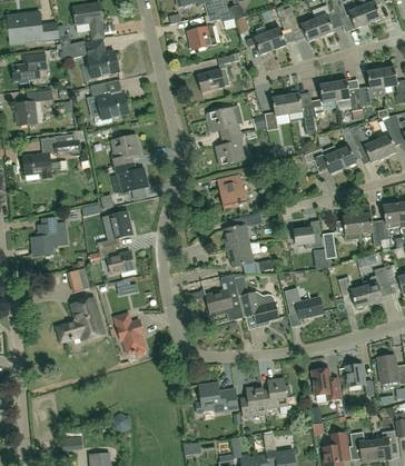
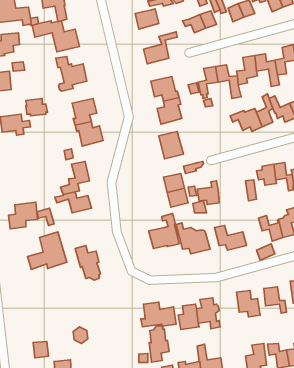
building: [294,219,320,248] -> [197,181,219,205]
building: [32,222,68,255] -> [8,202,38,229]
building: none -> [149,326,169,362]

